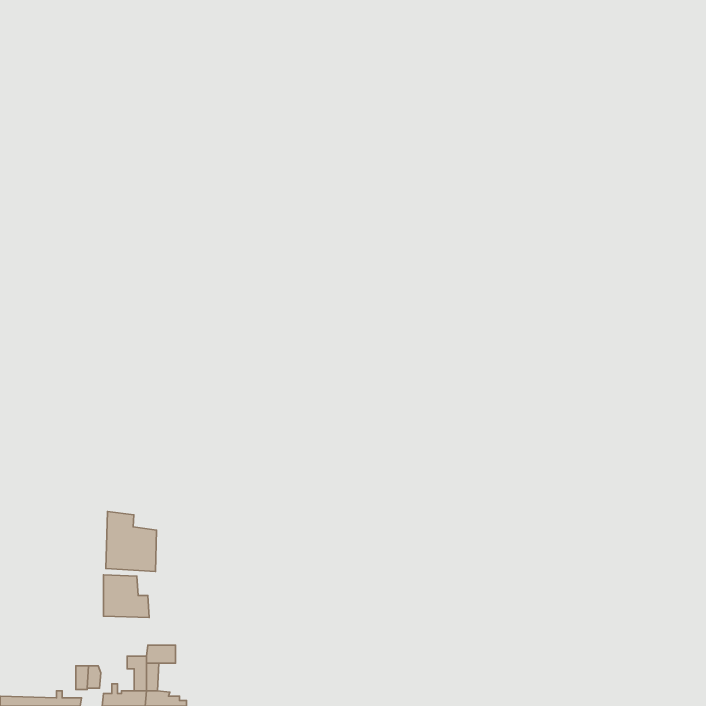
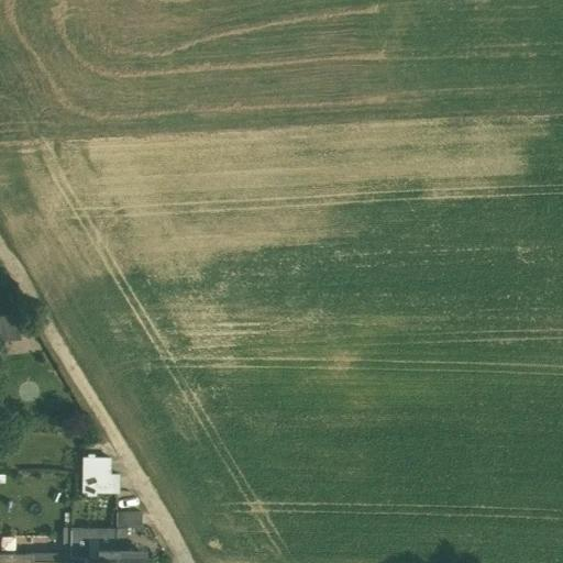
building: [106,511,156,572] -> none

